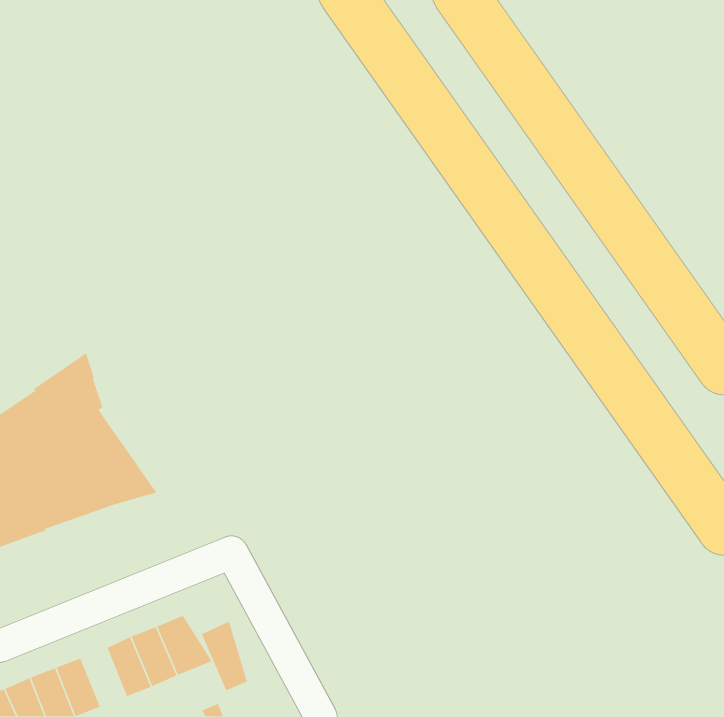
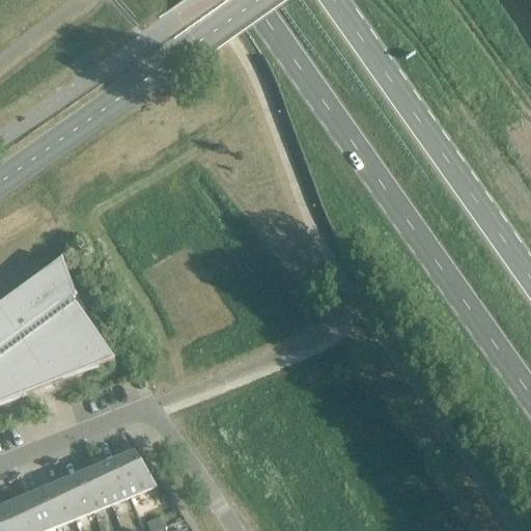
building: [201,620,248,692] -> none
building: none -> [59,473,92,516]

